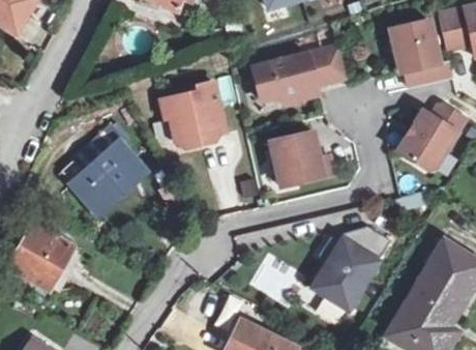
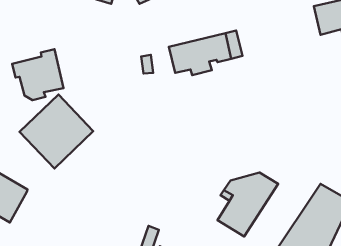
building: [390,20,452,88] -> none
building: [159,83,225,148] -> [12,49,63,100]
building: [397,103,465,169] -> none
building: [269,132,333,186] -> none

